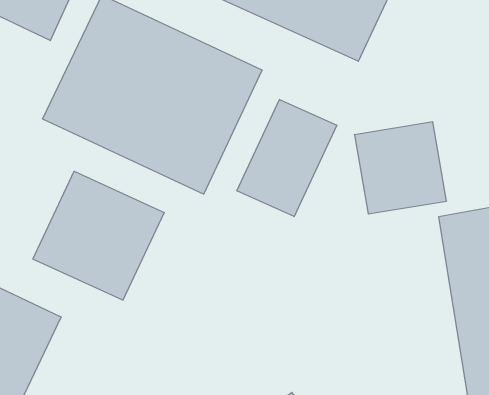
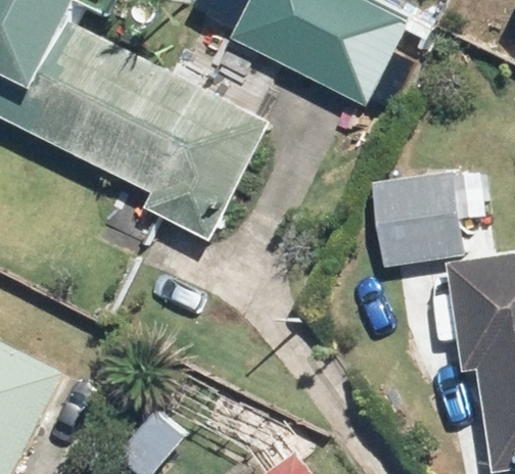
building: [237,99,337,217] -> none
building: [33,171,164,300] -> none

